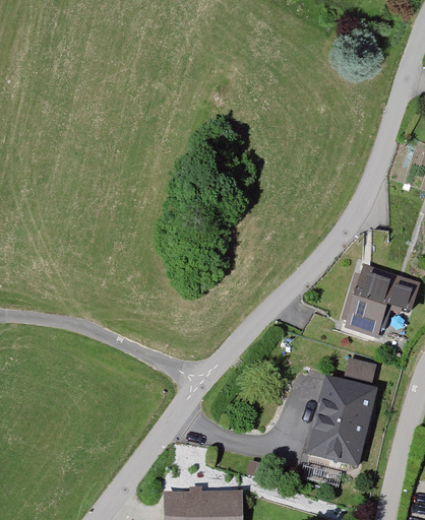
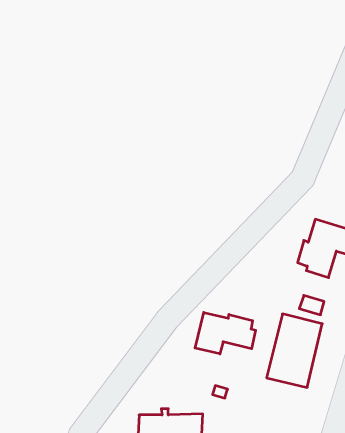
building: none -> [195,312,256,354]

